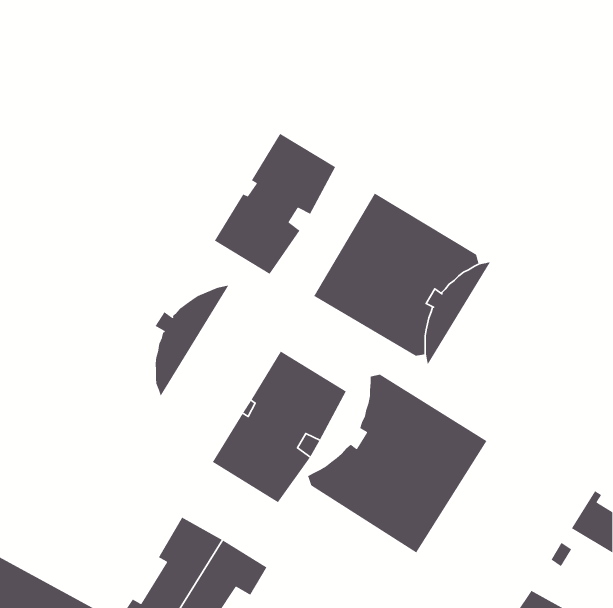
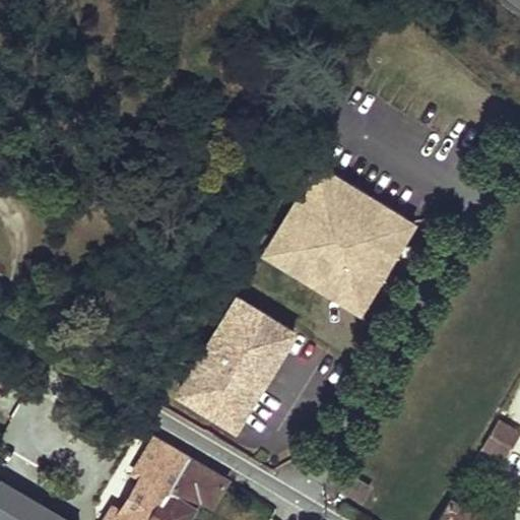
building: [214,133,336,275] -> none
building: [154,284,230,397] -> none
building: [295,364,488,553] -> none

